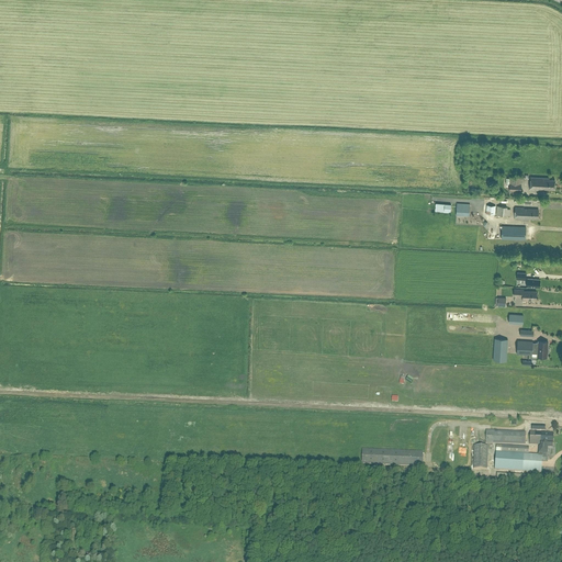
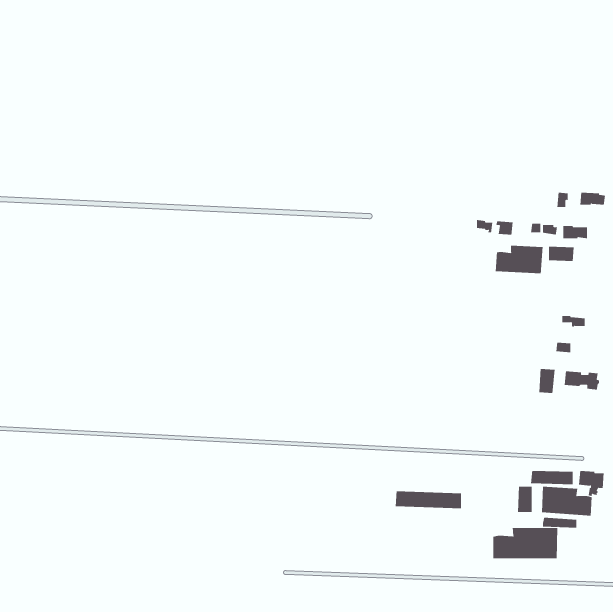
building: none -> [495,245,543,274]
building: none -> [493,527,558,559]

